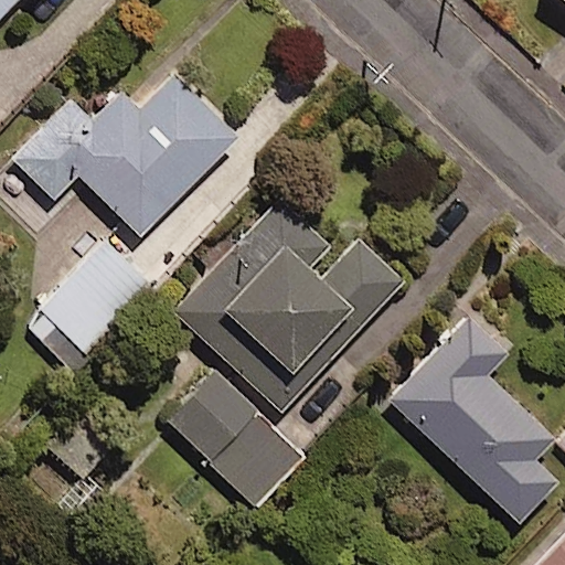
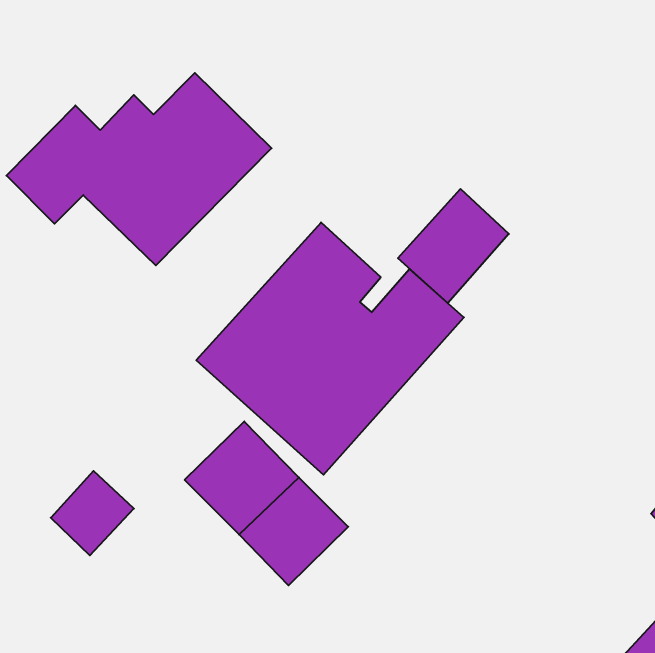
building: none -> [398,189,509,303]
building: [29,244,147,375] -> none
building: [390,313,556,521] -> none

